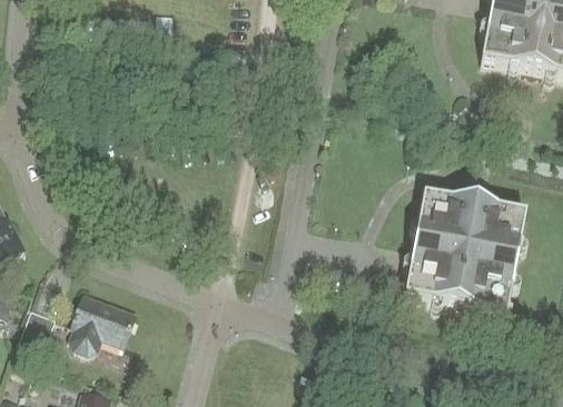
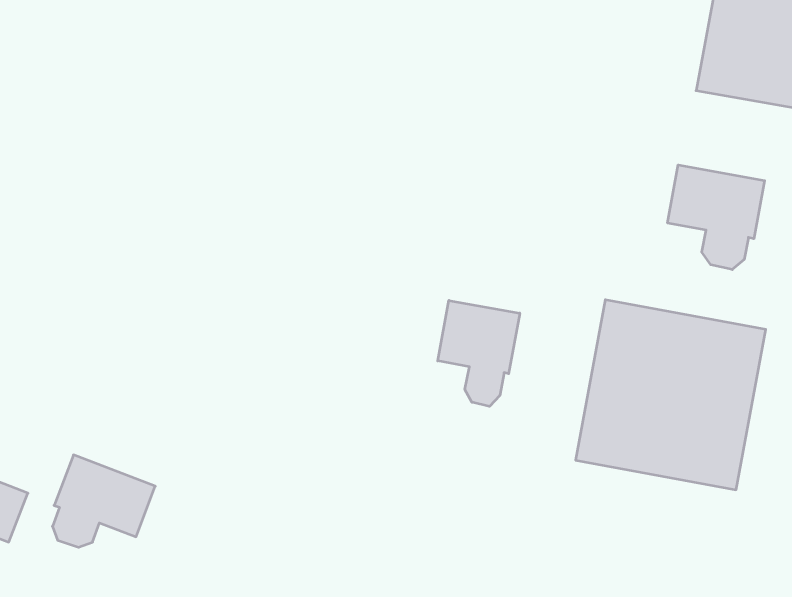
building: none -> [668,165,765,270]
building: none -> [438,300,520,406]

